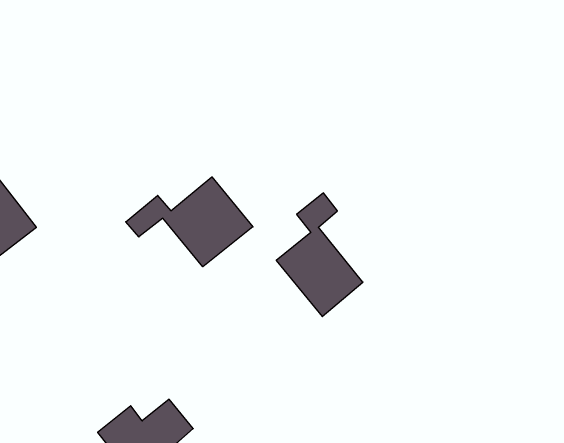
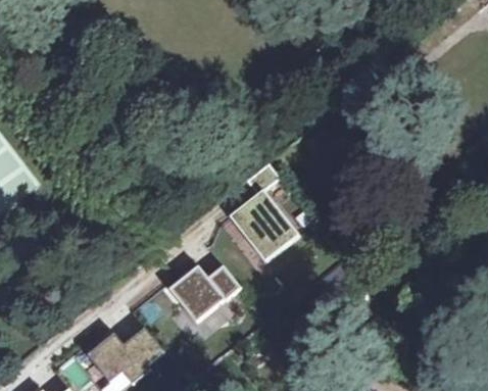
building: [126,177,253,267] -> none
building: none -> [168,266,240,323]

